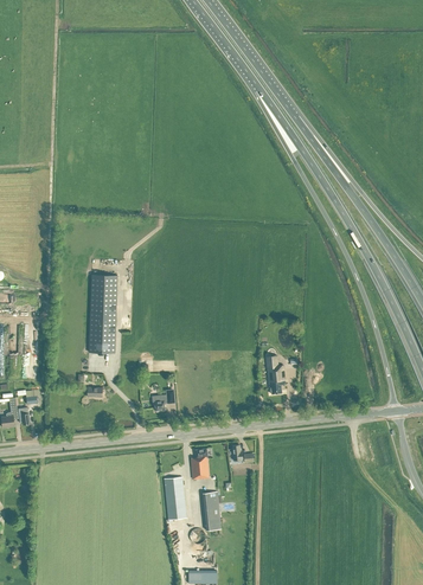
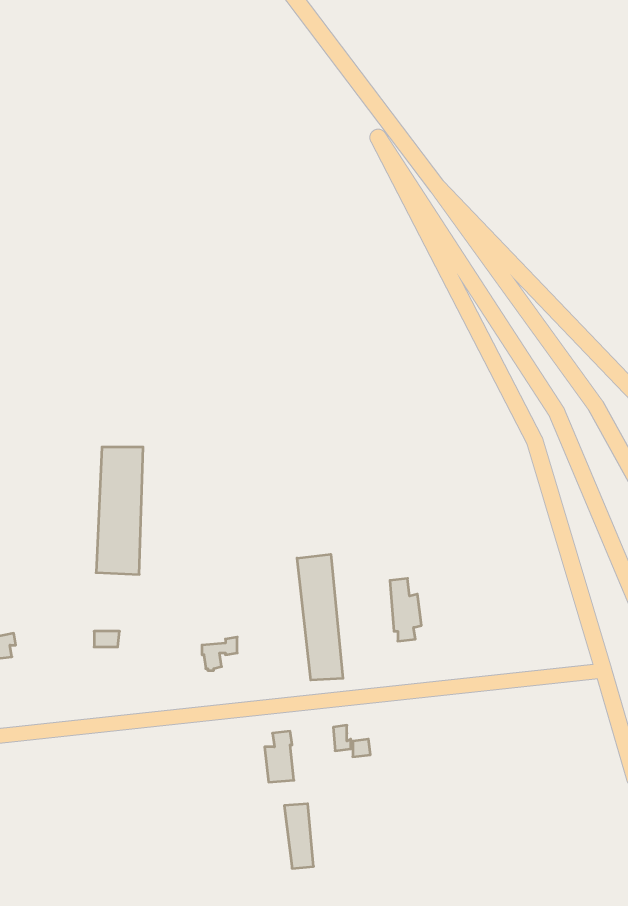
building: none -> [297,554,343,680]
building: [165,476,186,519] -> none

